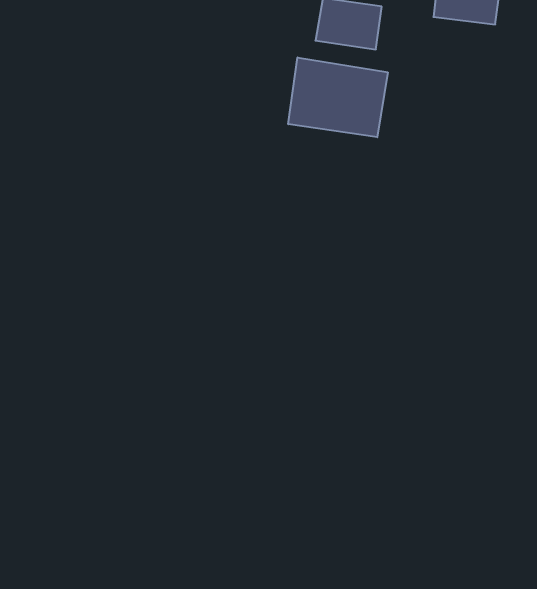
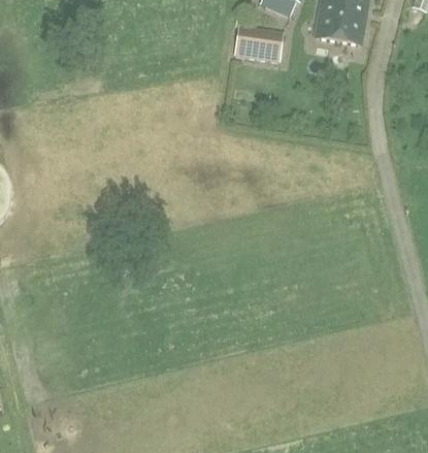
building: [288,57,388,137] -> none

